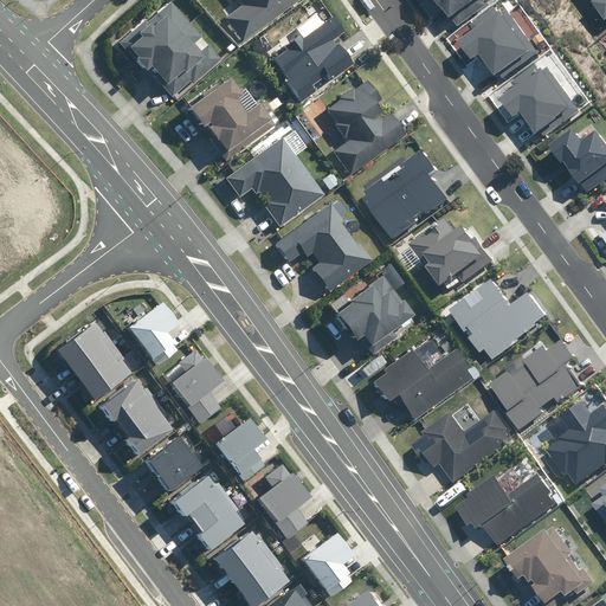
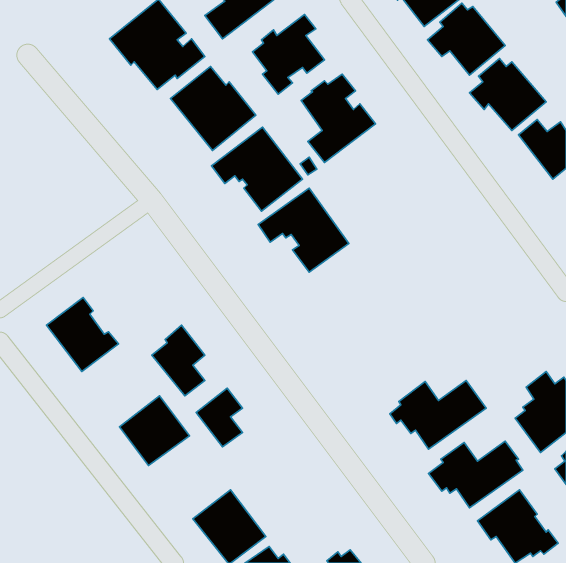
building: [367,149,451,237] -> none
building: [414,218,499,291] -> none
building: [330,273,410,354] -> none
building: [453,278,552,357] -> none
building: [122,299,178,365] -> none
building: [492,339,580,430] -> none
building: [367,346,476,421] -> none
building: [88,370,170,457] -> none
building: [251,463,307,539] -> none
building: [163,472,238,548] -> none
building: [294,530,348,594] -> none

